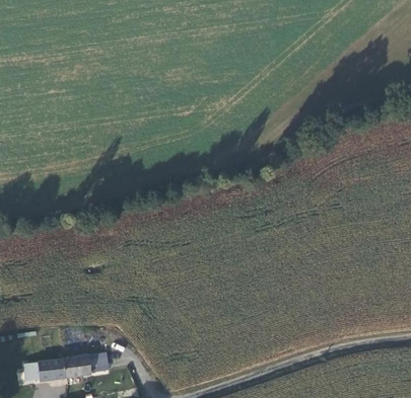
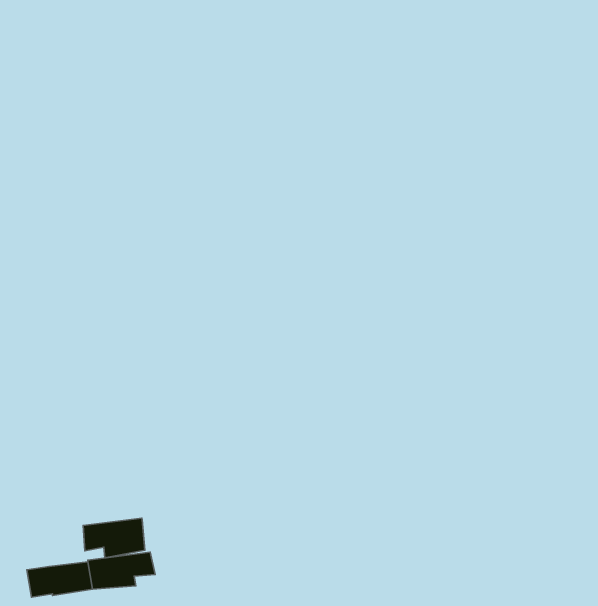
building: none -> [83,518,145,558]

